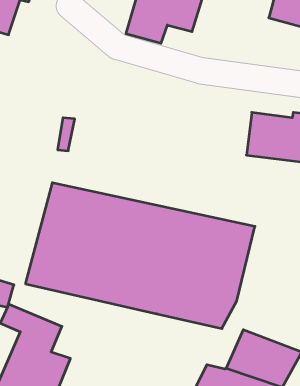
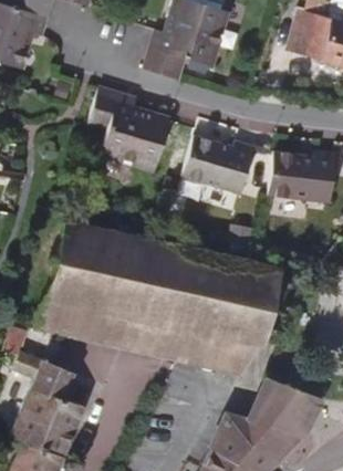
building: none -> [87,87,169,171]
building: none -> [181,134,253,193]

